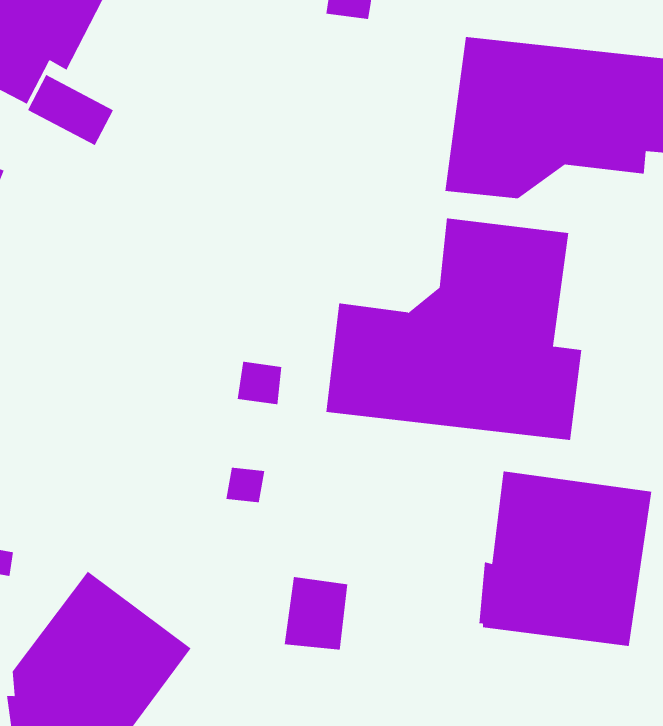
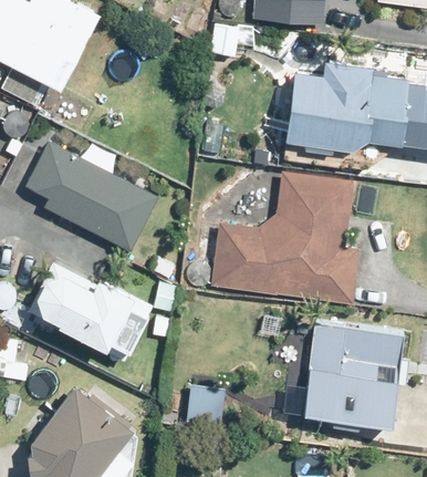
building: none -> [30,148,163,259]
building: none -> [28,261,153,361]

